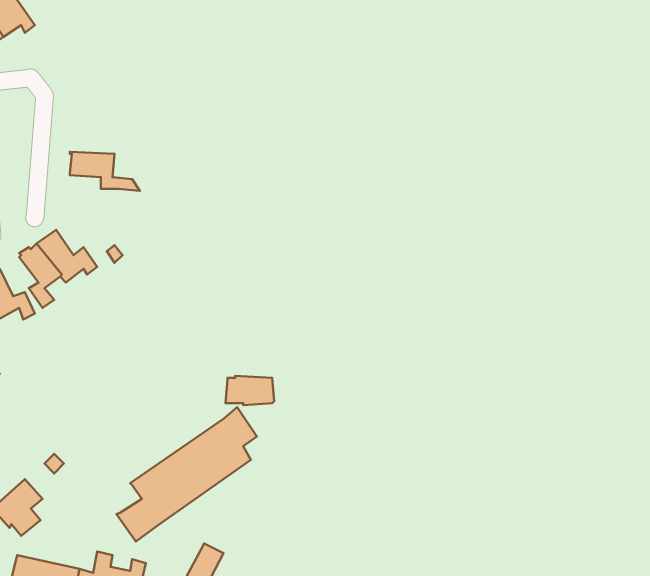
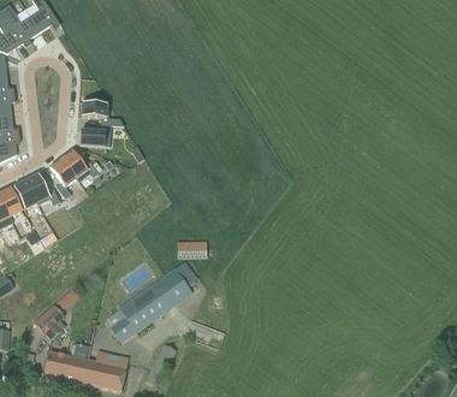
building: none -> [78,125,111,147]

